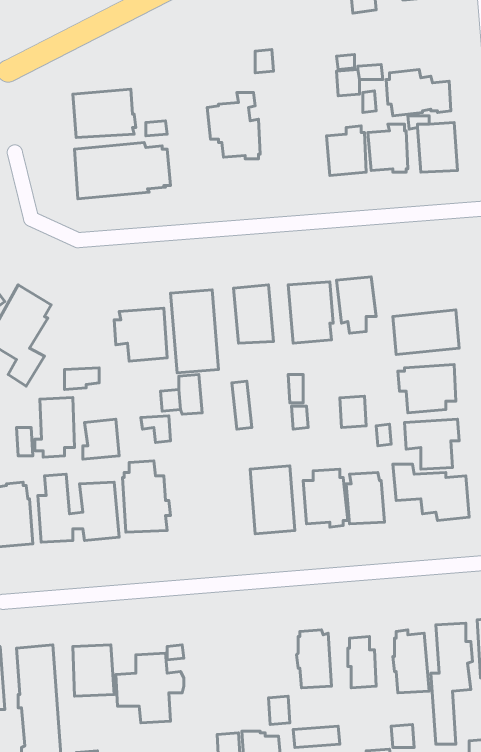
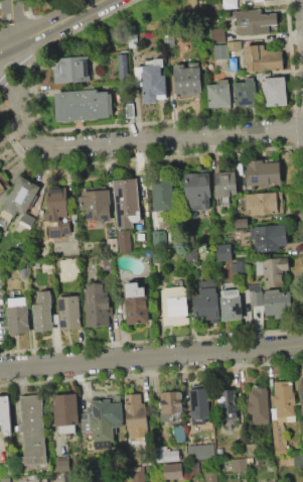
building: none -> [233,9,278,36]
building: none -> [173,63,202,101]
building: none -> [246,160,282,187]
building: [35,398,75,457] -> [43,188,67,224]
building: none -> [125,281,149,325]
building: none -> [159,391,182,423]
building: none -> [125,393,148,440]

